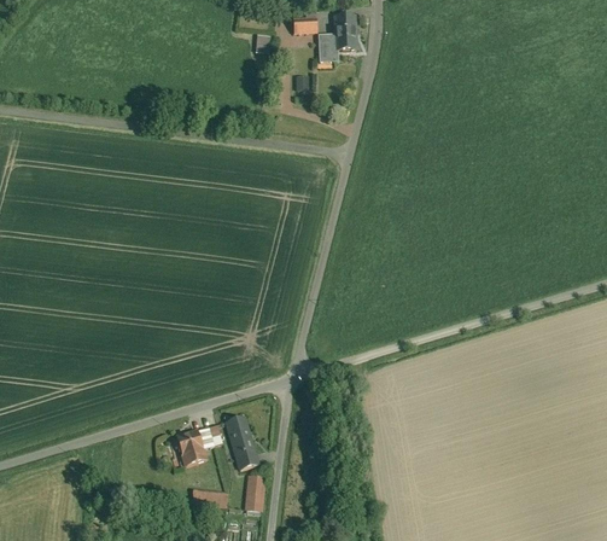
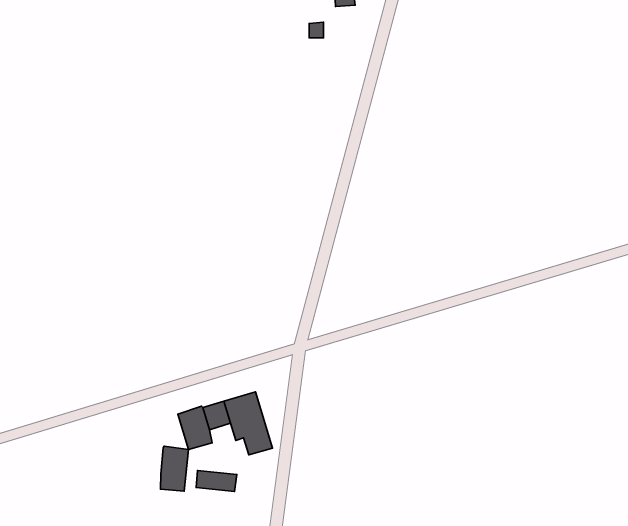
building: none -> [160,446,188,491]
building: [240,475,265,513] -> none

